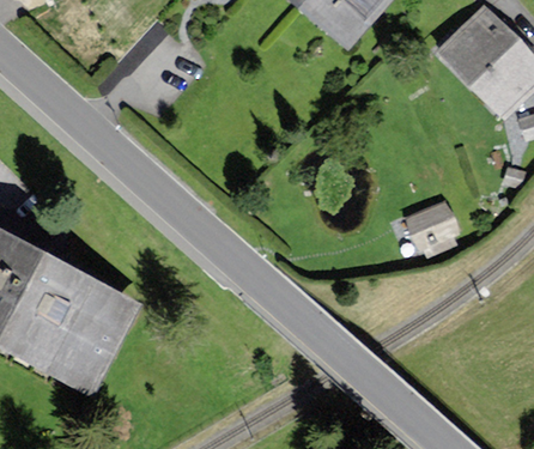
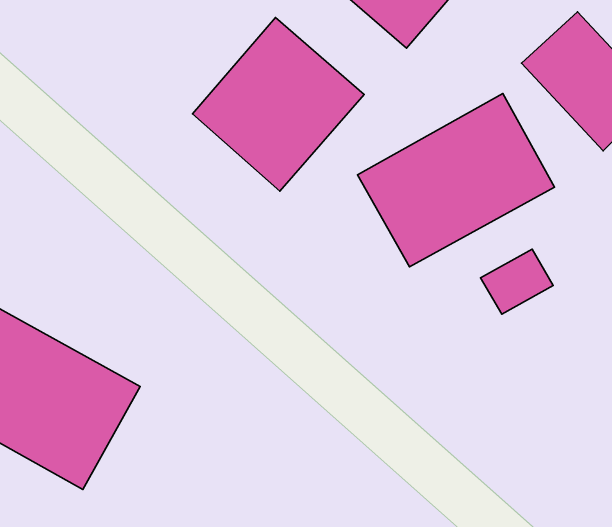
building: none -> [192,18,364,191]
building: none -> [358,94,554,267]

